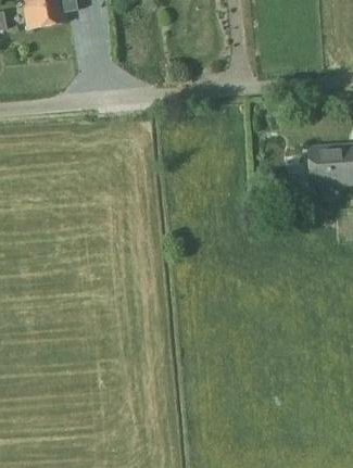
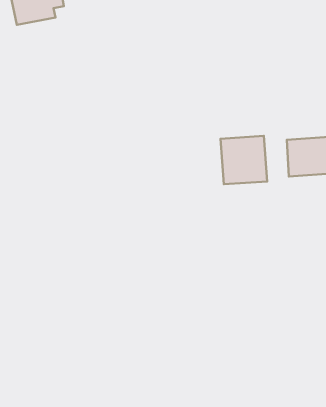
building: none -> [220,136,267,184]

